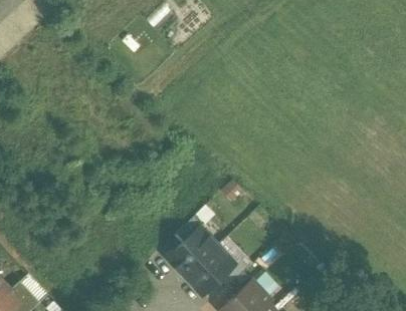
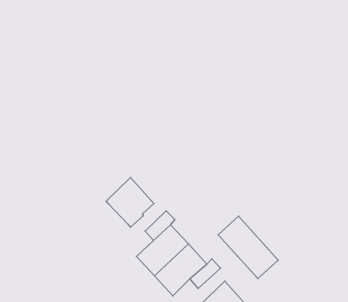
building: none -> [106,177,154,227]
building: none -> [218,216,278,279]

